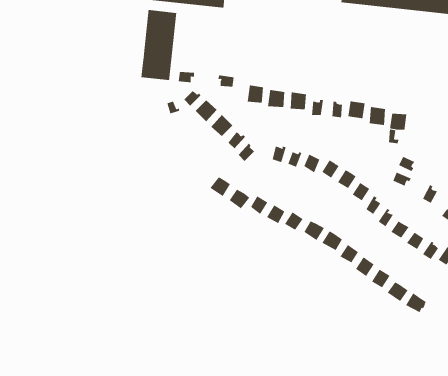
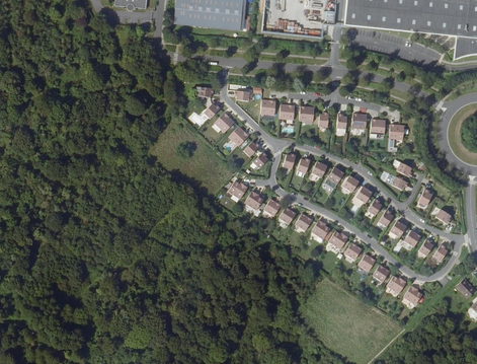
building: [141,9,177,81] -> none

